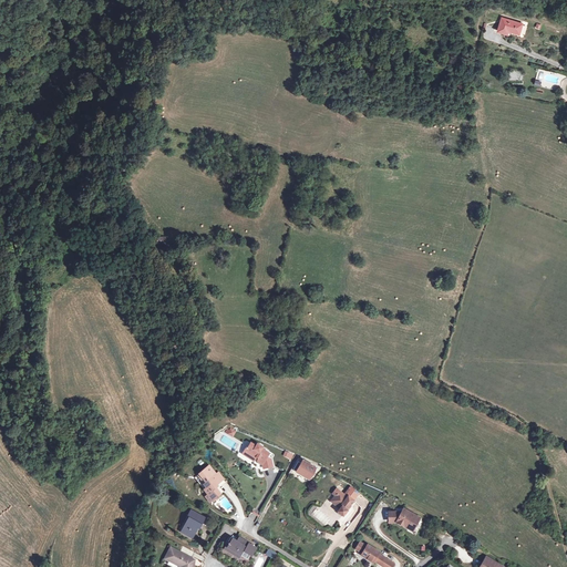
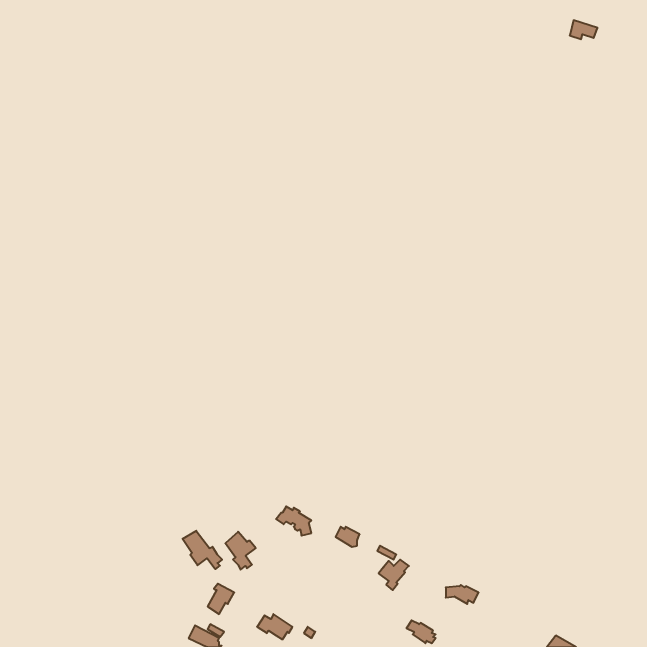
building: none -> [183,531,222,569]

